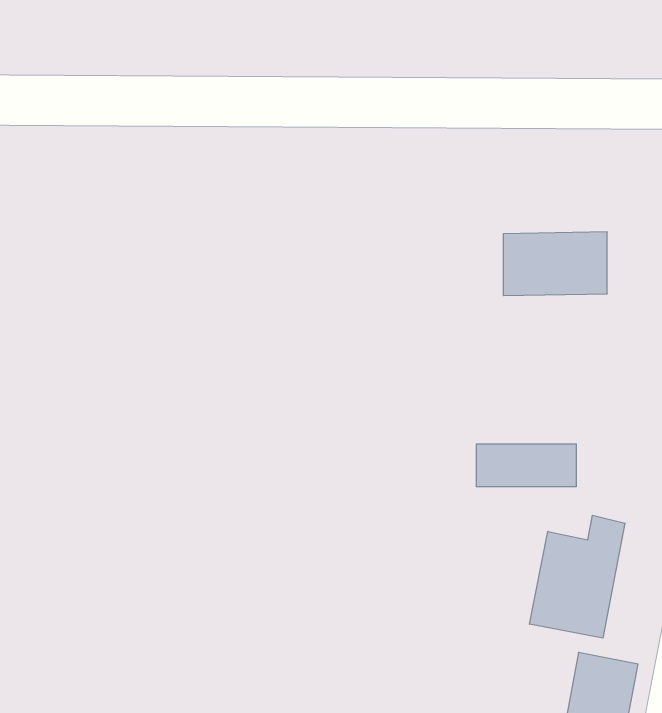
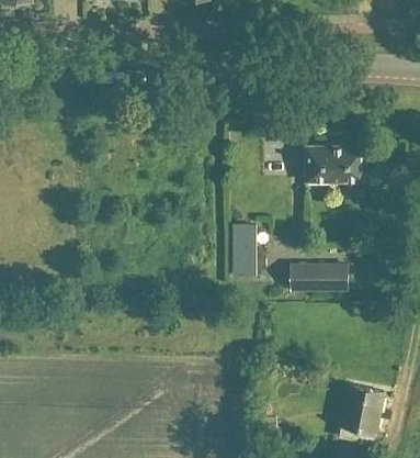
building: none -> [231,222,265,273]
building: [530,515,625,638] -> none

